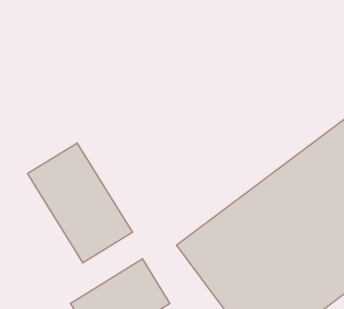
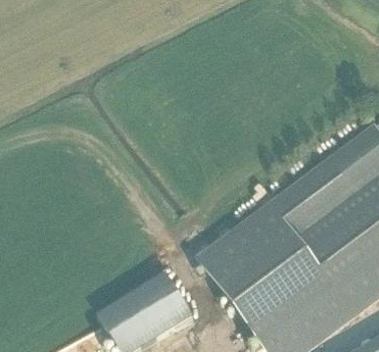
building: [28,143,132,263] -> none

